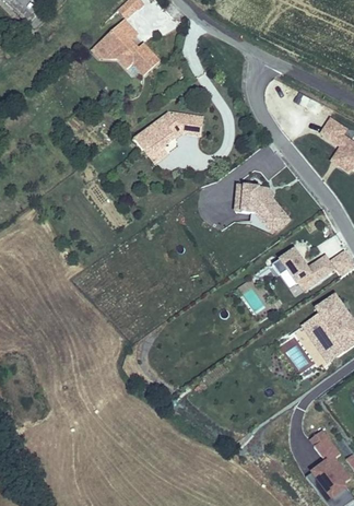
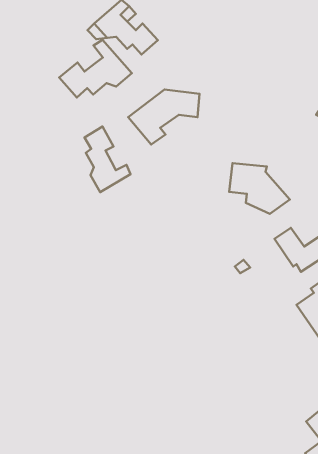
building: none -> [59,40,132,97]
building: none -> [84,126,131,192]

